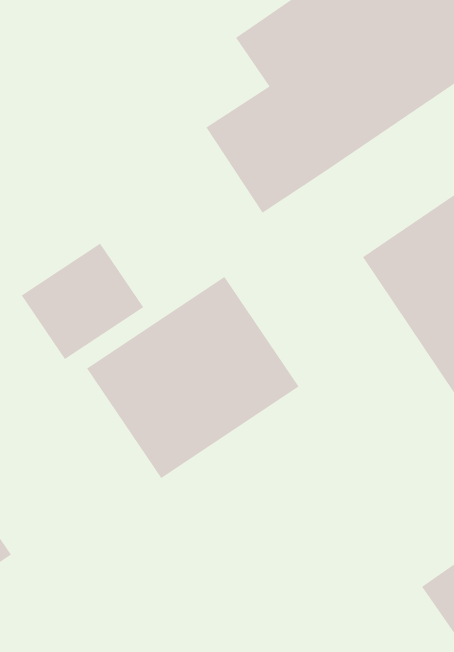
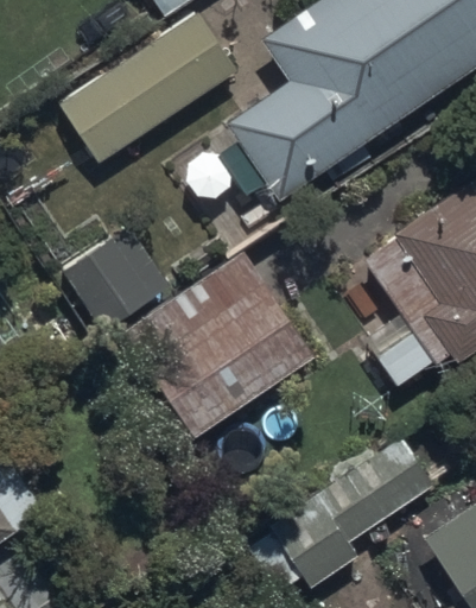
building: none -> [53,7,240,166]
building: none -> [265,442,431,598]

